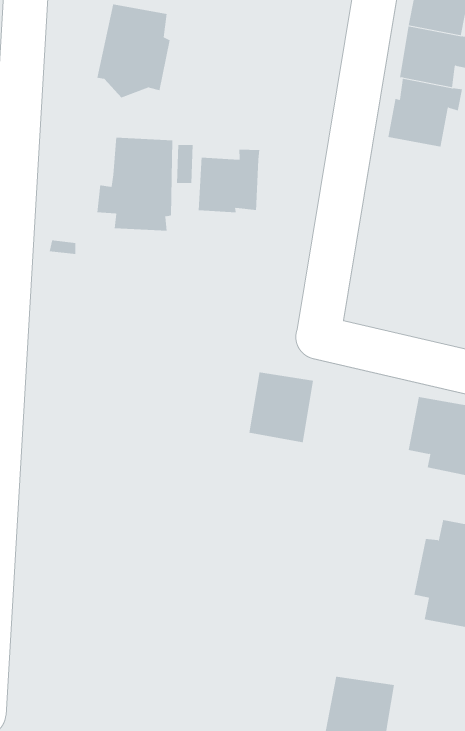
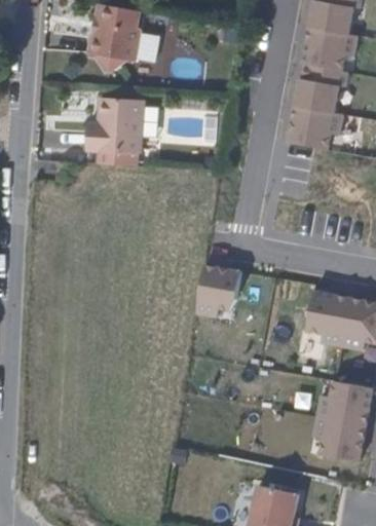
building: none -> [289,101,343,144]
building: [198,149,260,213] -> none

